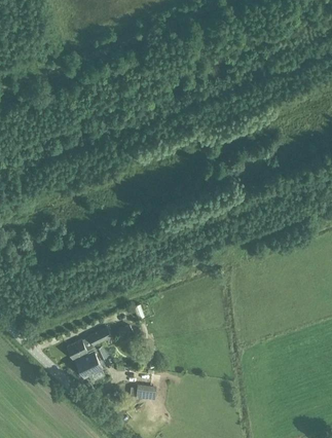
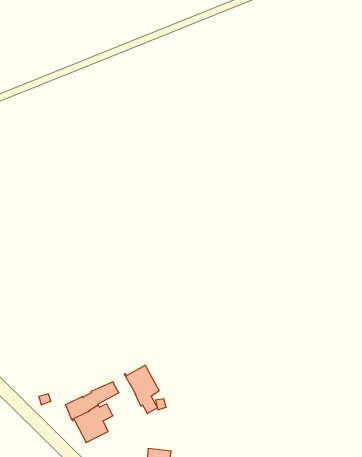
building: none -> [124,365,159,414]

